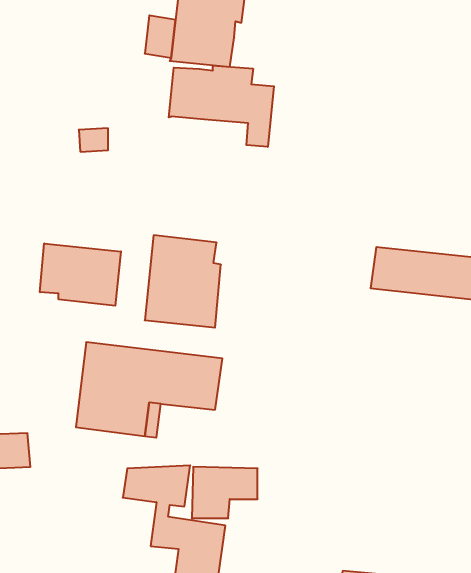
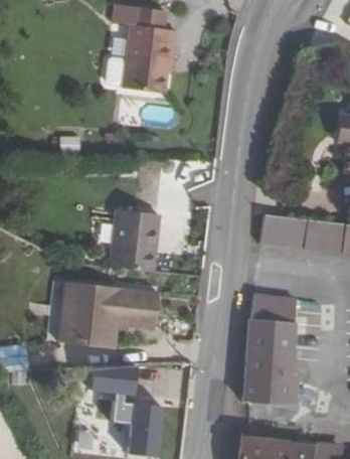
building: [169,65,274,147] -> none
building: [40,243,121,306] -> none
building: none -> [241,294,298,404]

